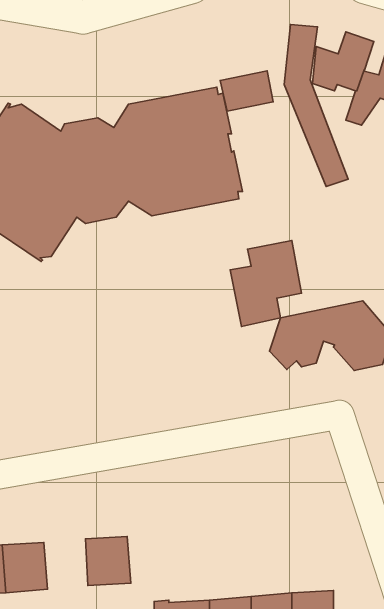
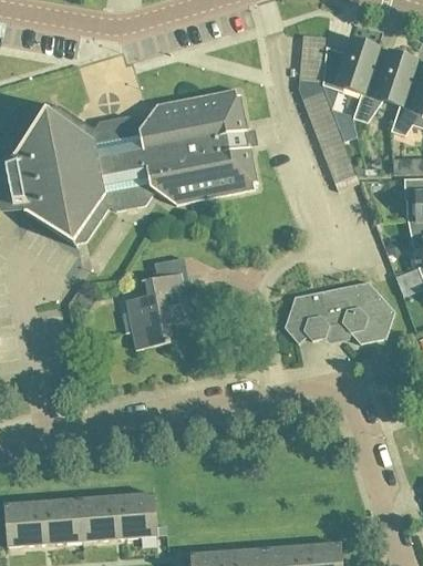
building: [220,71,273,111] -> none
building: [230,241,301,326] -> [125,274,189,351]
building: none -> [80,496,120,542]

